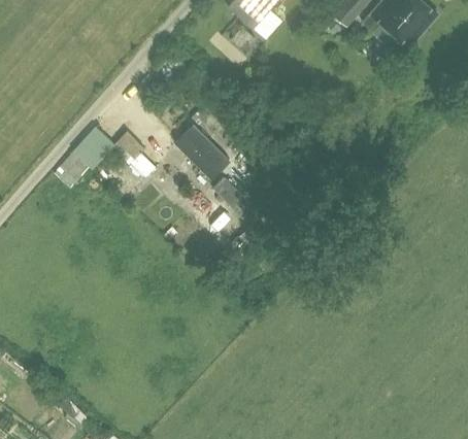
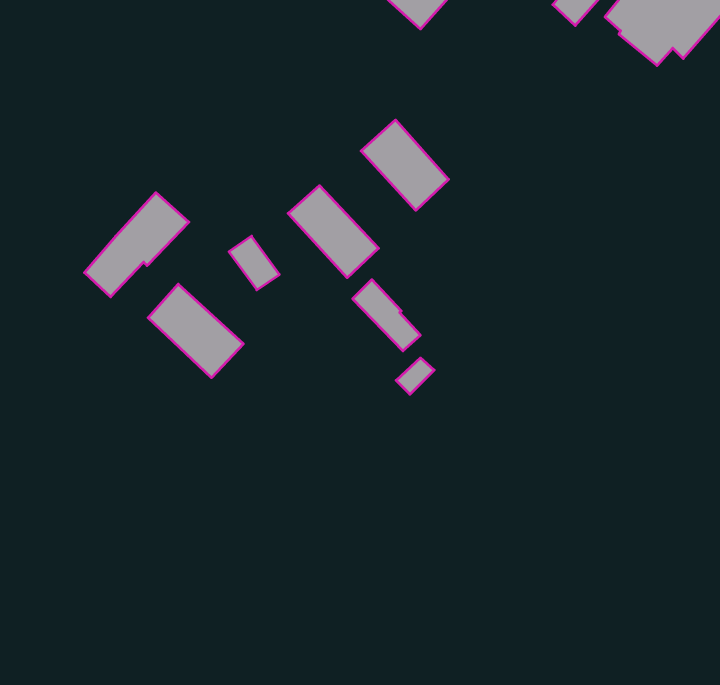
building: none -> [361,120,449,210]
building: none -> [148,284,243,378]

